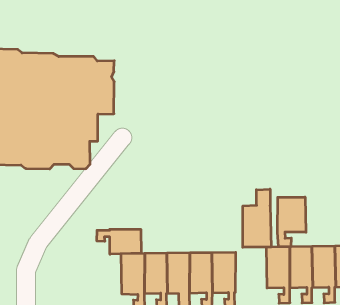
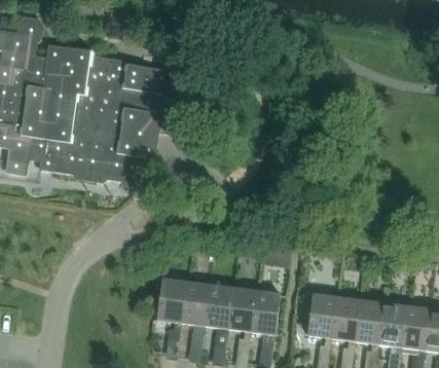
building: [243,189,271,247] -> none
building: [277,197,306,247] -> none
building: [97,229,141,254] -> none

